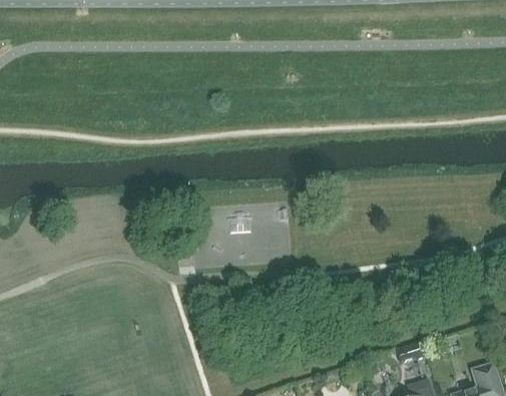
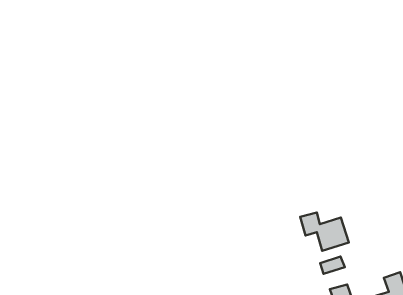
building: none -> [300,212,349,251]

